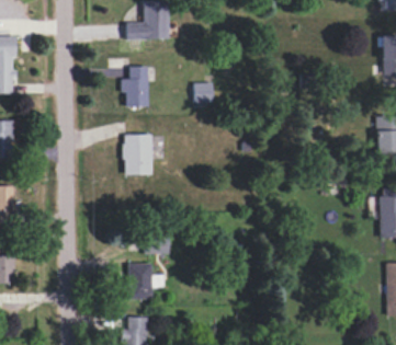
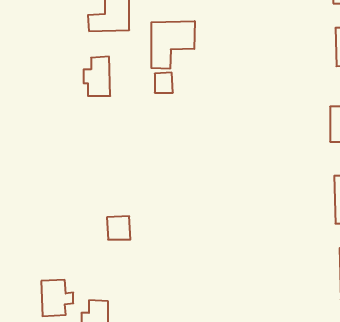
building: none -> [151,21,195,69]
building: [124,135,152,174] -> none
building: [127,263,160,300] -> [41,280,73,316]

